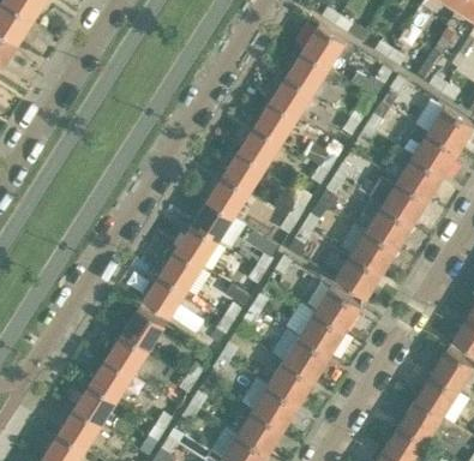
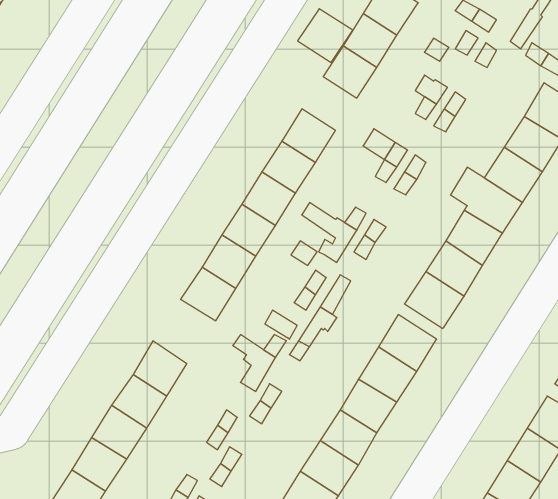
building: [253,102,296,144] -> [298,9,353,62]
building: [143,276,186,318] -> none

